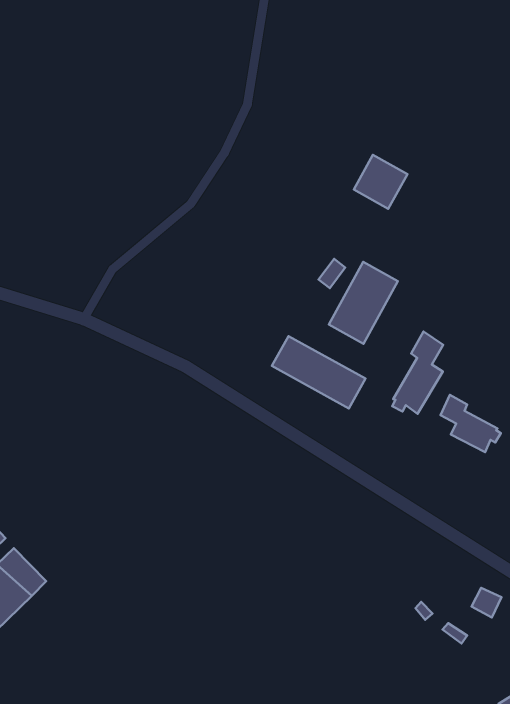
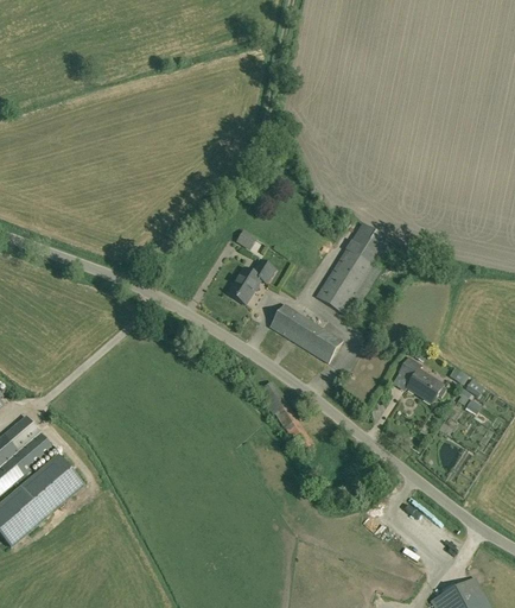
building: [354,155,408,209] -> [345,222,388,265]
building: none -> [228,259,274,303]
building: [392,331,443,414] -> none

